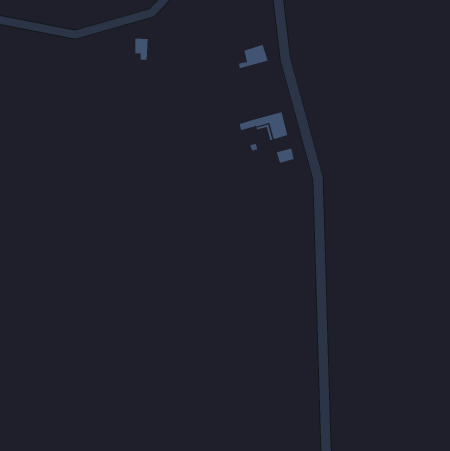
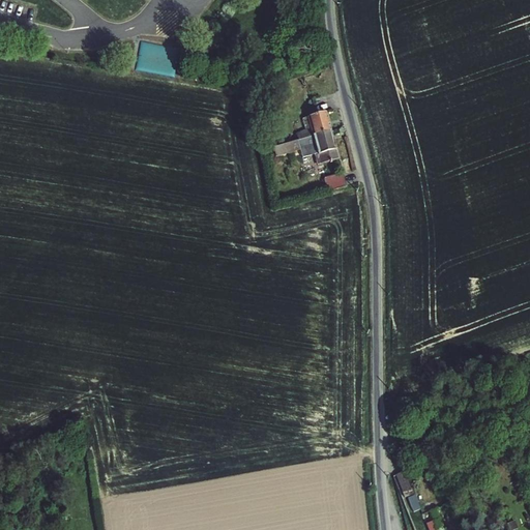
building: [238,44,268,69] -> [295,111,330,140]

